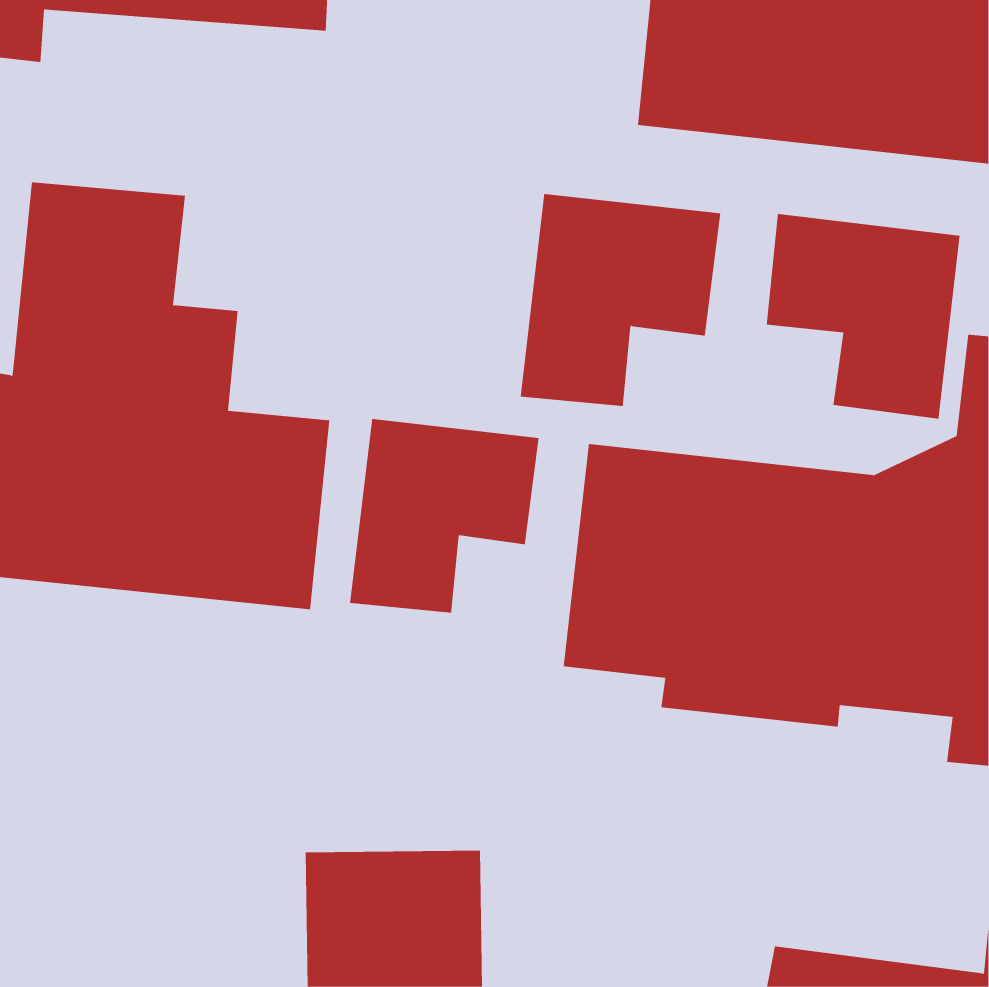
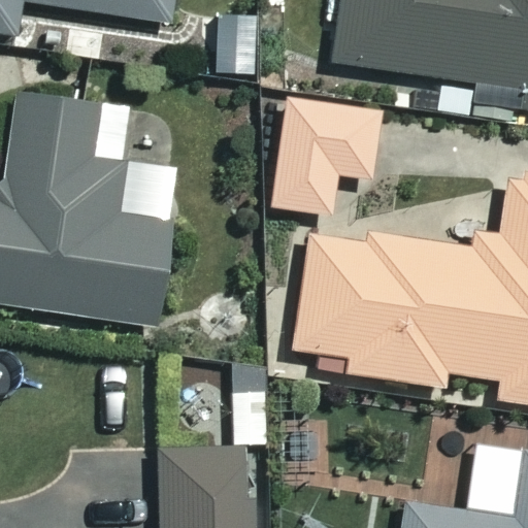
building: [766,213,960,420] -> none
building: [350,418,539,614] -> none

